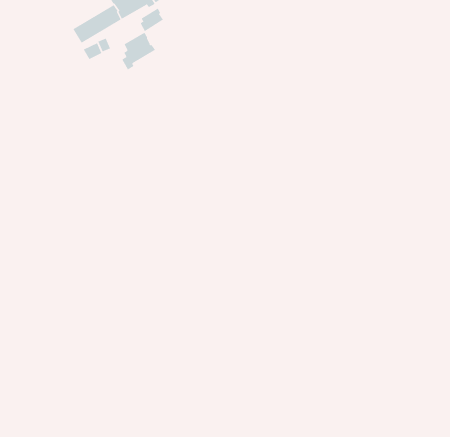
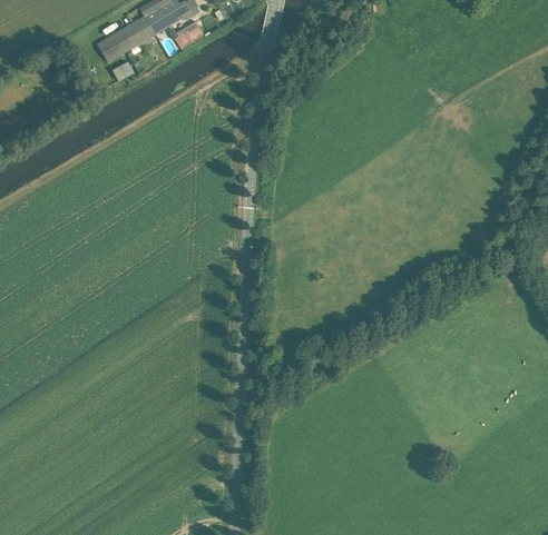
building: [121,32,156,70] -> none

